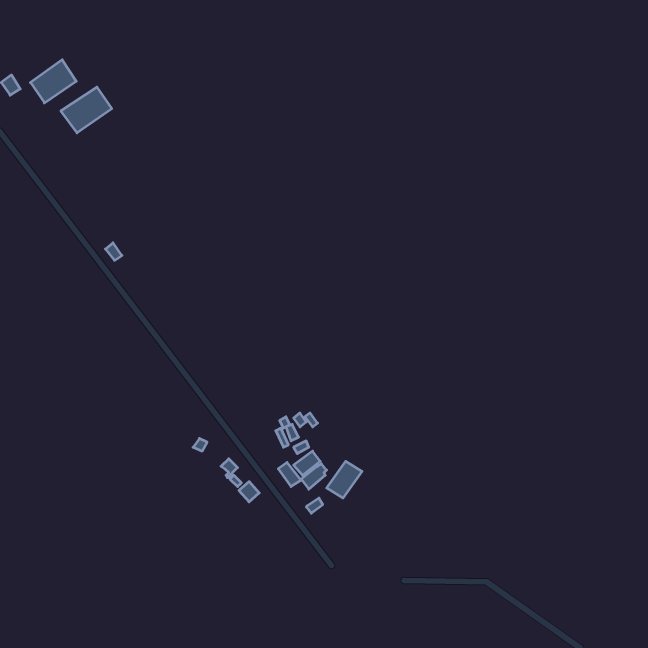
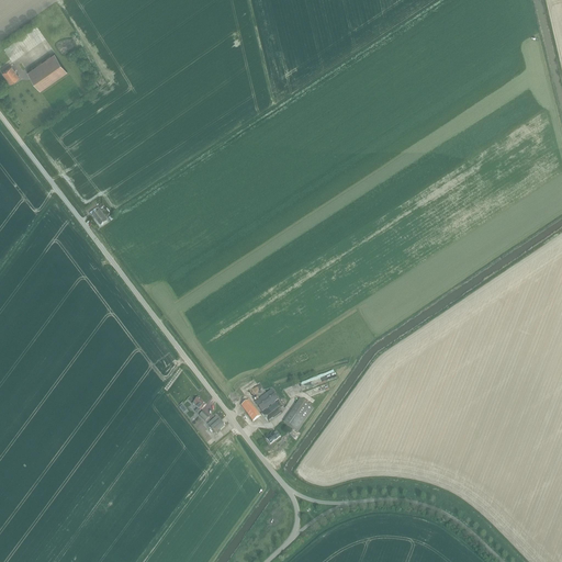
building: [61,87,112,133] -> none

